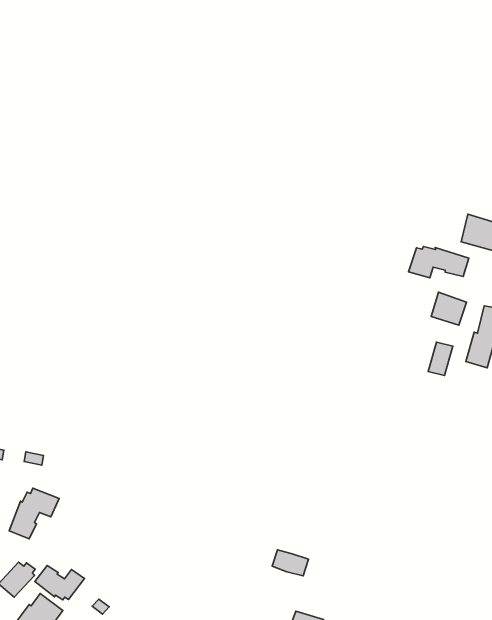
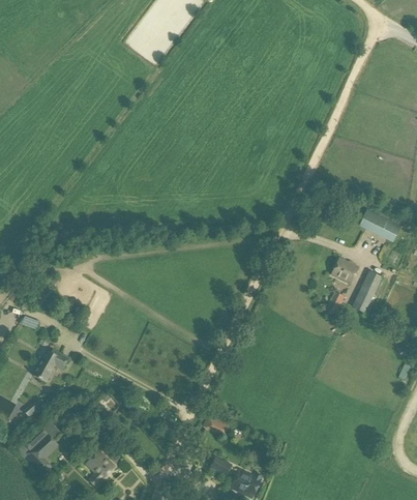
building: [408,246,469,278] -> none
building: [35,565,85,600] -> none

